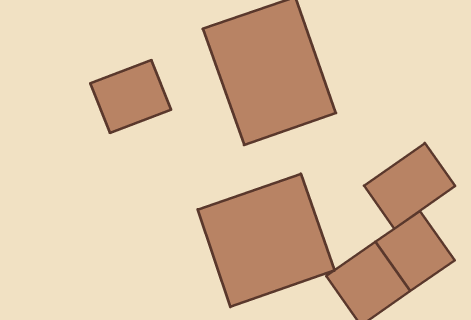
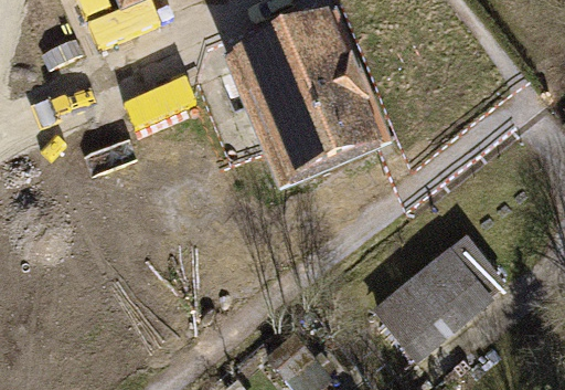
building: [364,143,455,229] -> none
building: [198,174,334,307] -> none

